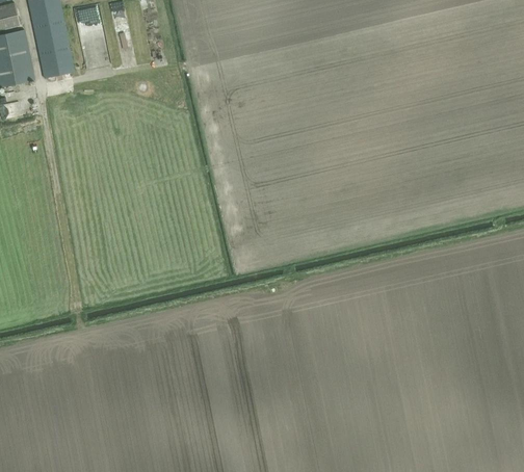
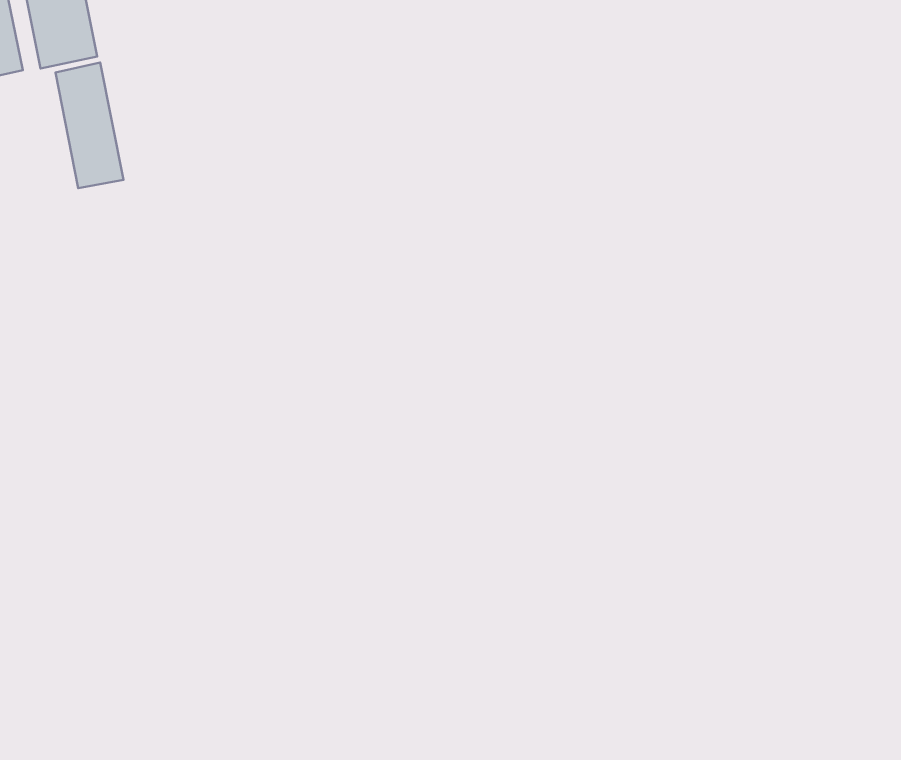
building: none -> [55,62,123,188]

